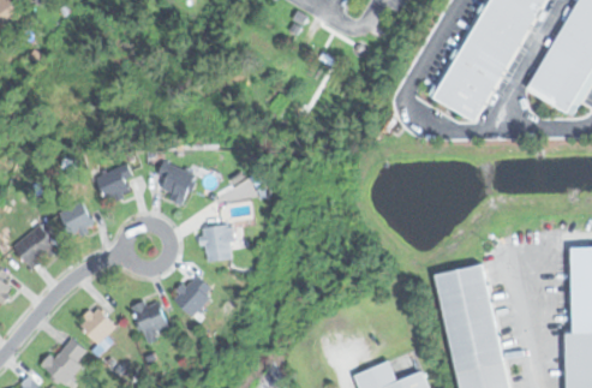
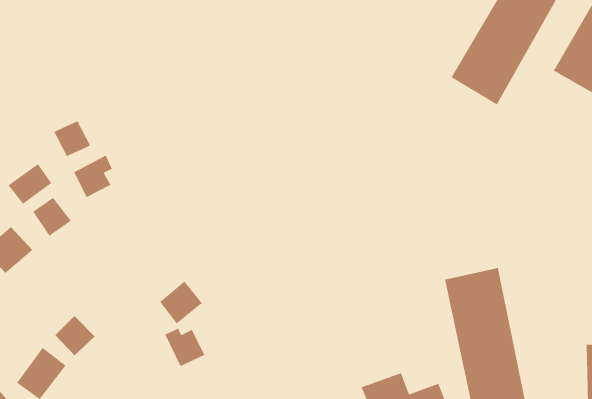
building: none -> [53,120,91,157]
building: [159,161,197,203] -> none
building: none -> [7,163,52,205]
building: [204,226,231,251] -> none
building: [132,300,169,336] -> [164,327,205,367]

